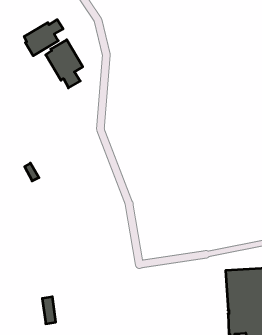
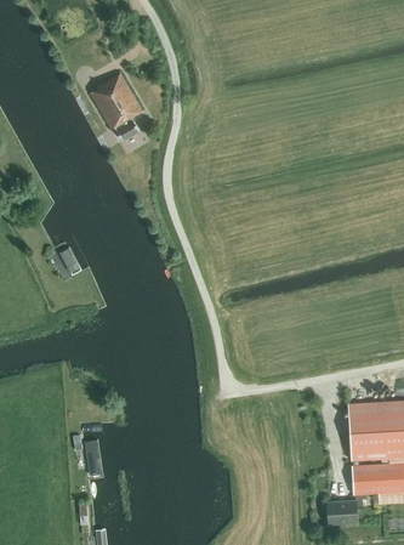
building: [24,20,63,56] -> none

